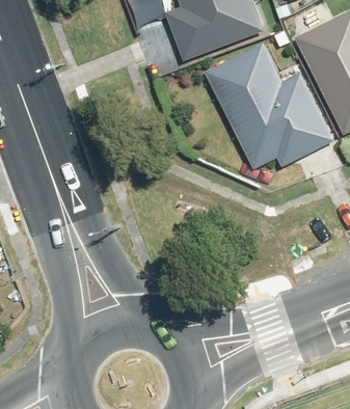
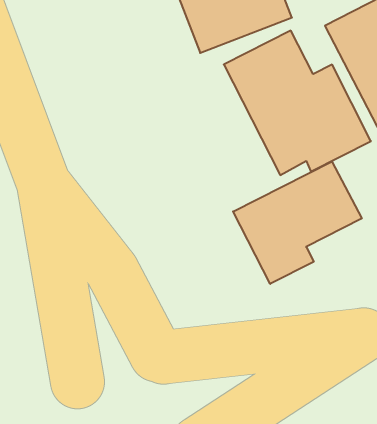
building: none -> [233,161,362,284]

